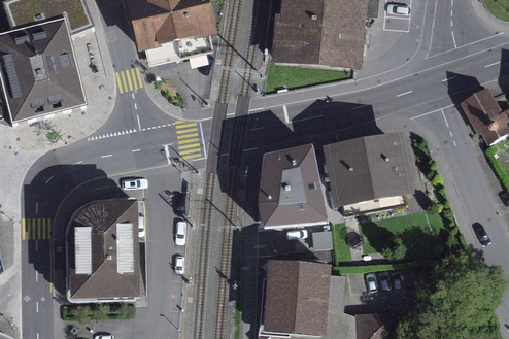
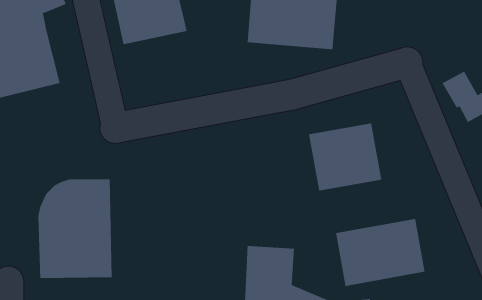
building: [260,147,325,225] -> none
building: none -> [336,218,425,287]

